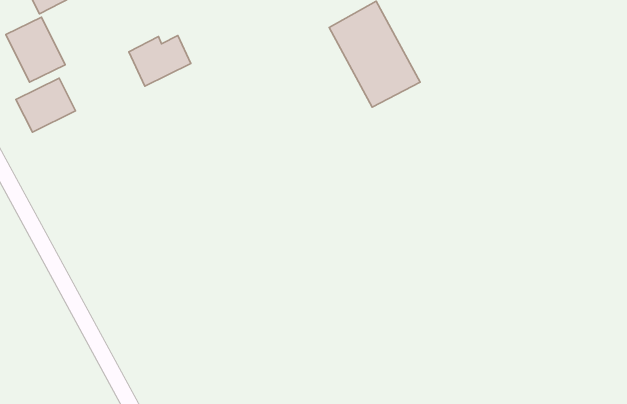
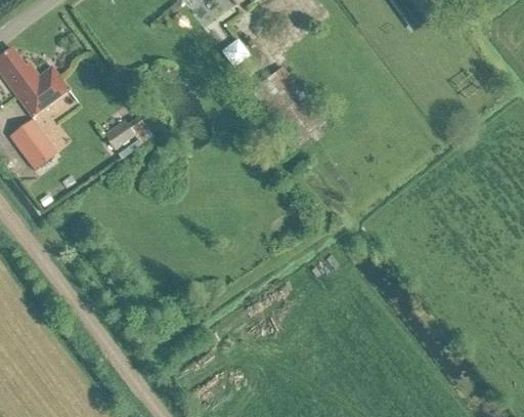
building: [16,78,75,132] -> none

